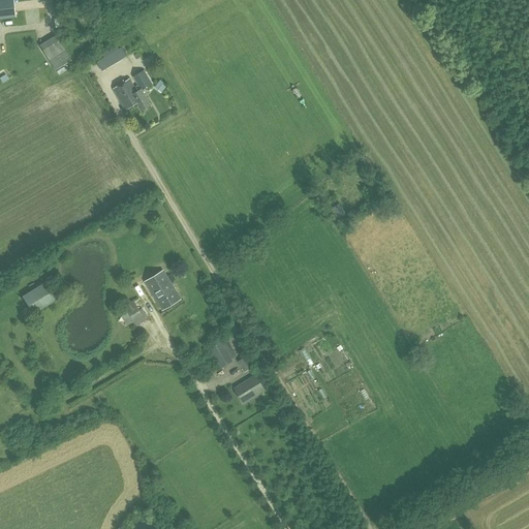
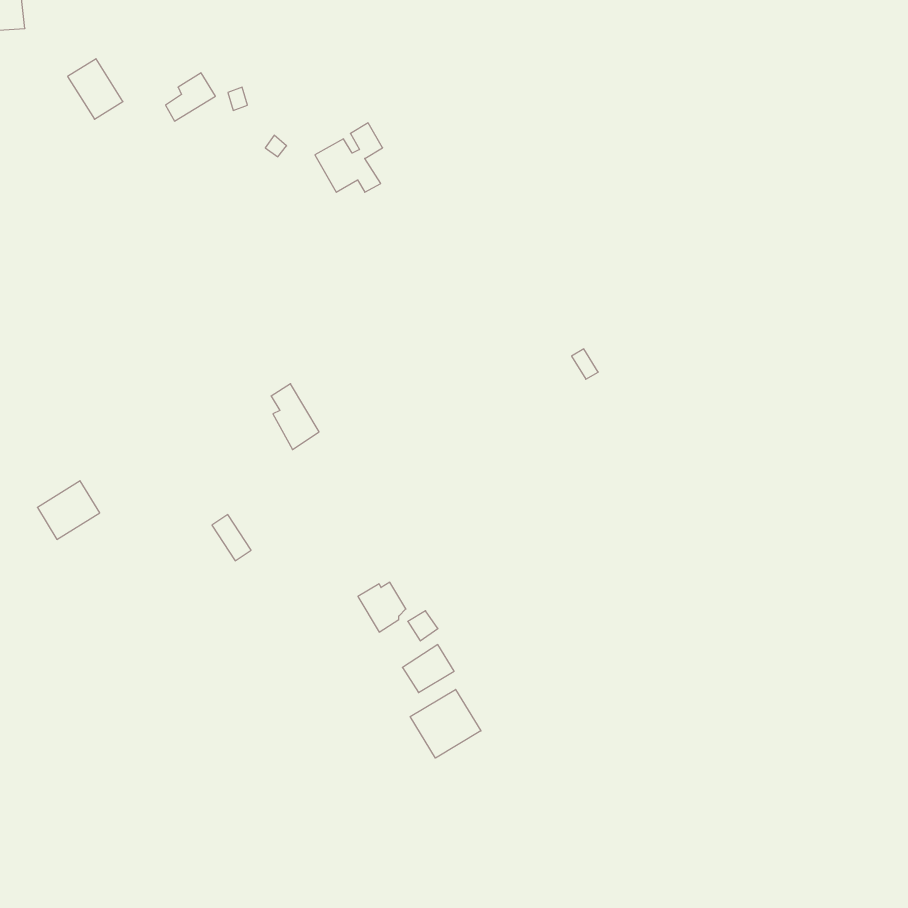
building: [112,69,151,110] -> [315,123,383,192]
building: [148,269,176,307] -> [271,384,319,450]
building: none -> [410,689,481,758]

